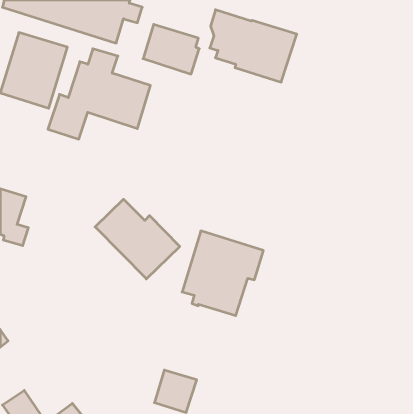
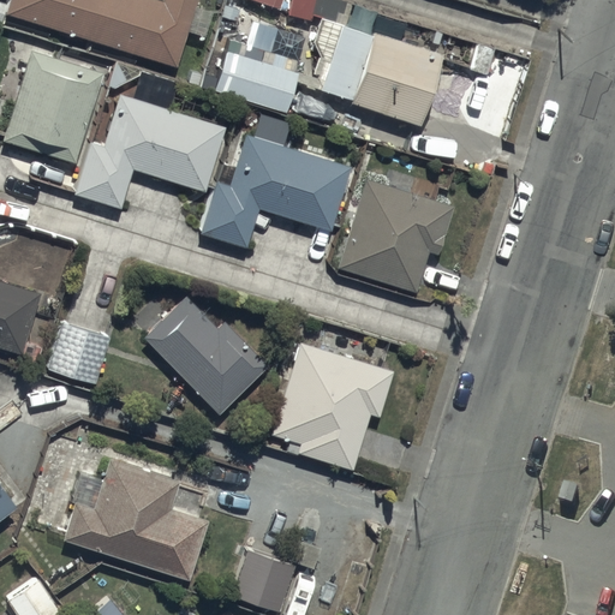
building: none -> [201,135,352,246]
building: none -> [338,171,453,293]
building: none -> [48,323,109,383]
building: none -> [62,459,208,579]

